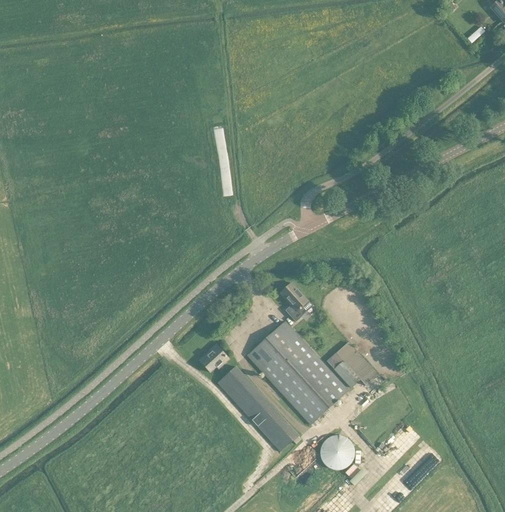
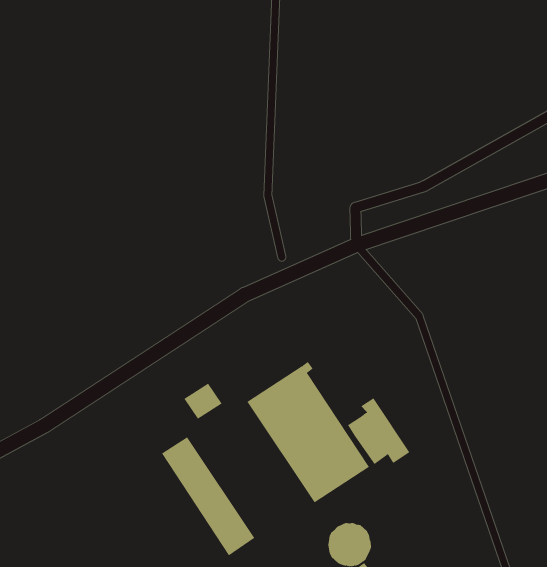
building: [280,283,308,321] -> none
building: [217,366,298,452] -> [161,437,255,556]

